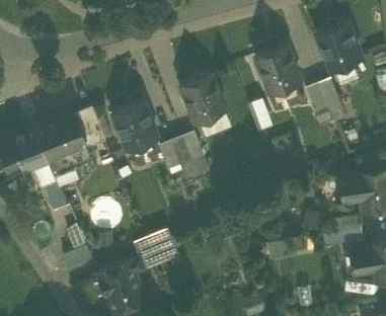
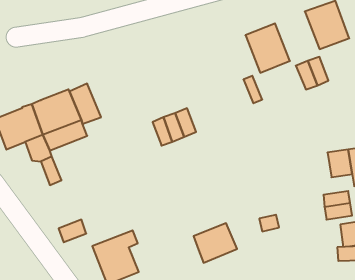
building: [179,74,225,125] -> none
building: [112,100,158,151] -> none
building: [134,230,178,270] -> [194,223,237,263]

